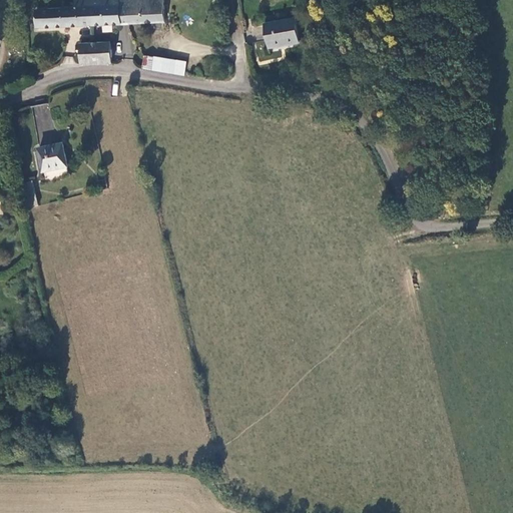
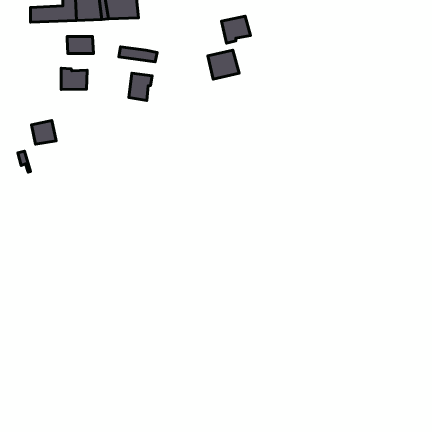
building: none -> [208,50,239,79]
building: none -> [61,68,87,89]
building: none -> [129,73,152,101]

